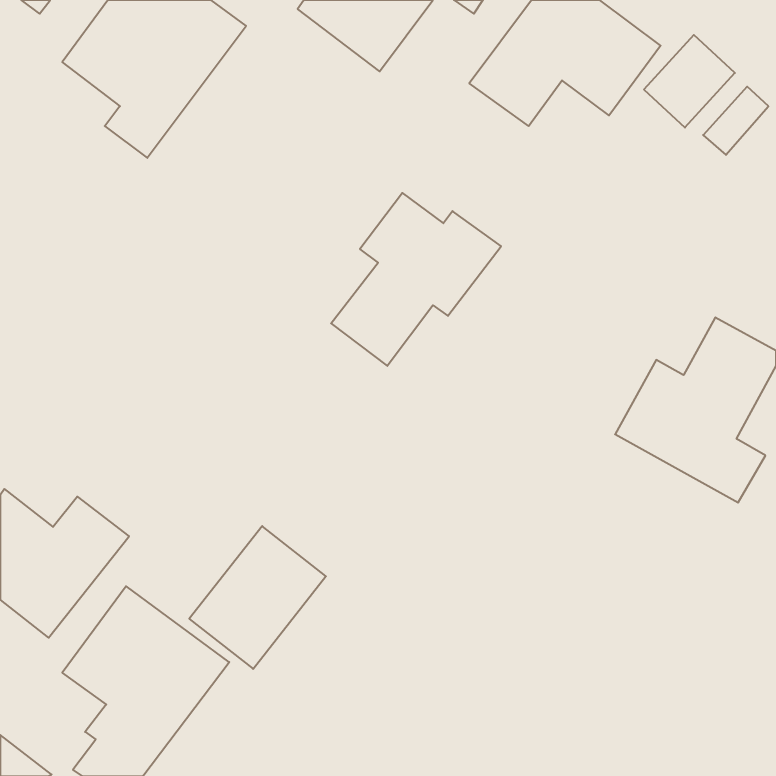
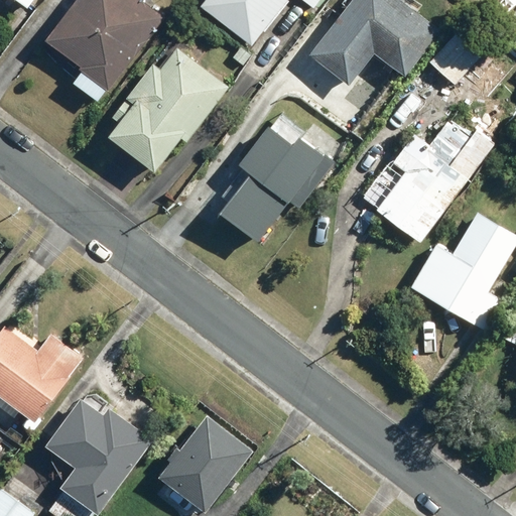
building: none -> [106,43,228,174]
building: none -> [360,117,494,243]
building: [189,526,326,669] -> [161,416,252,511]

